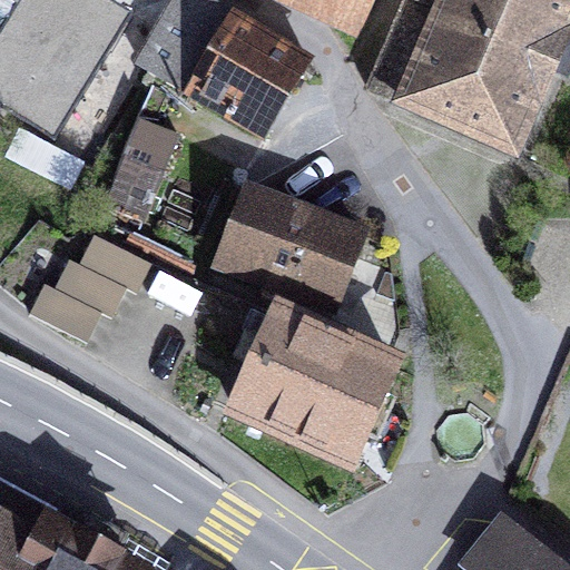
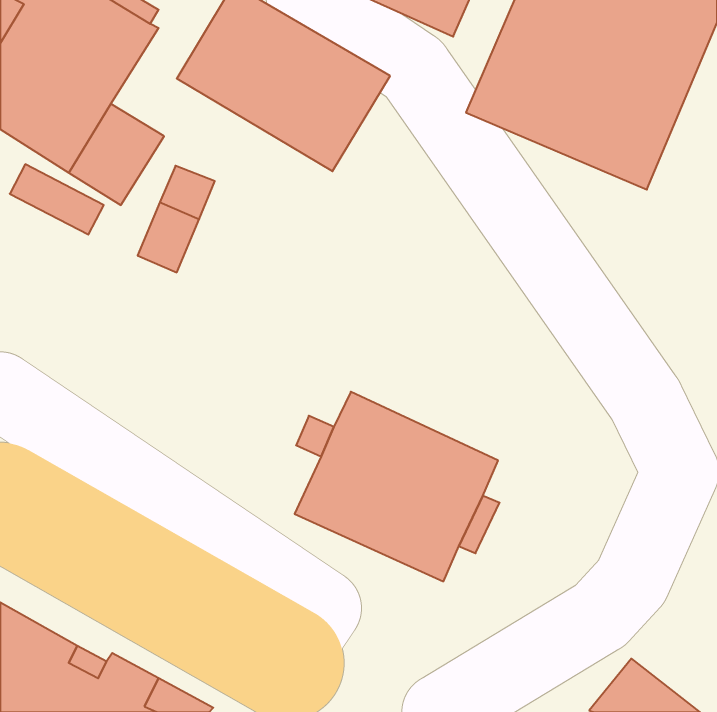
building: [217,189,358,307] -> none
building: [30,234,151,342] -> none

